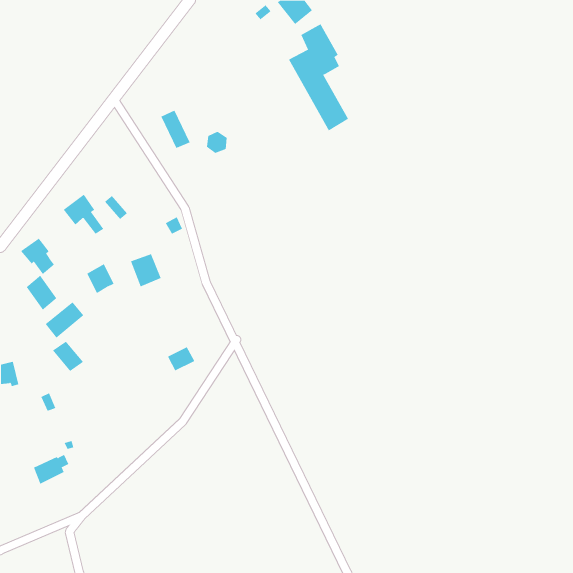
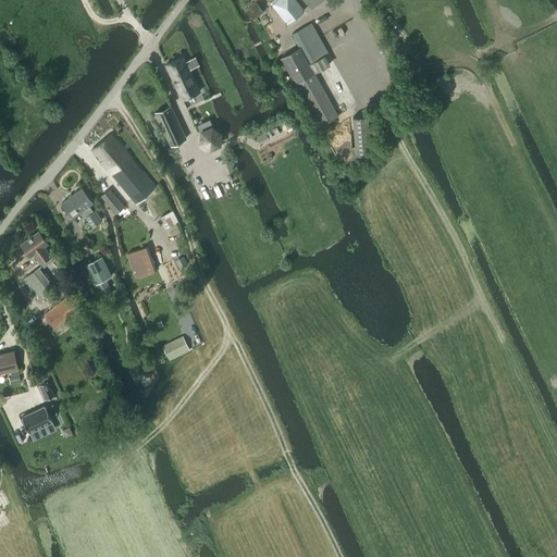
building: none -> [165,57,199,99]
building: none -> [91,134,156,205]
building: [52,341,84,372] -> none
building: [33,454,69,484] -> [22,404,57,433]

